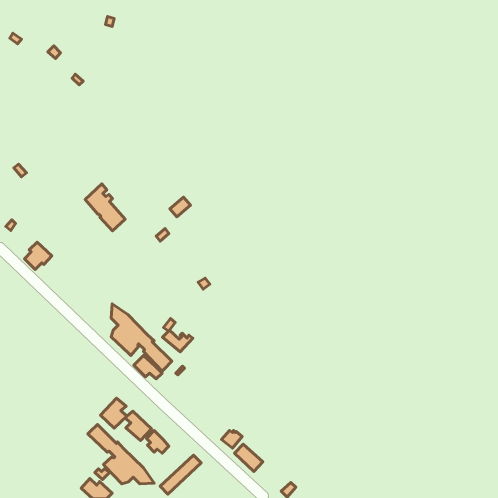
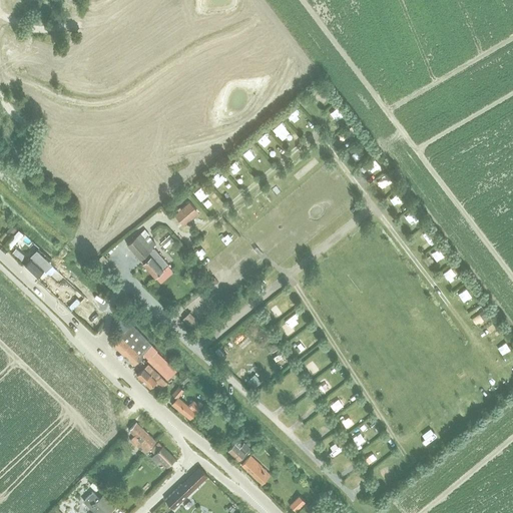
building: [85,184,125,231] -> [128,229,169,278]
building: [163,319,193,352] -> [171,386,202,420]
building: [101,398,127,428] -> none
building: [88,424,154,484] -> none

